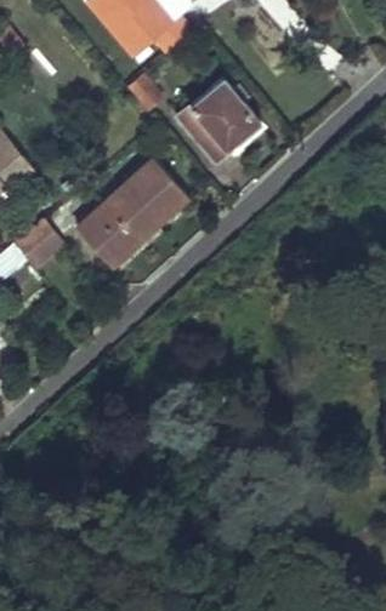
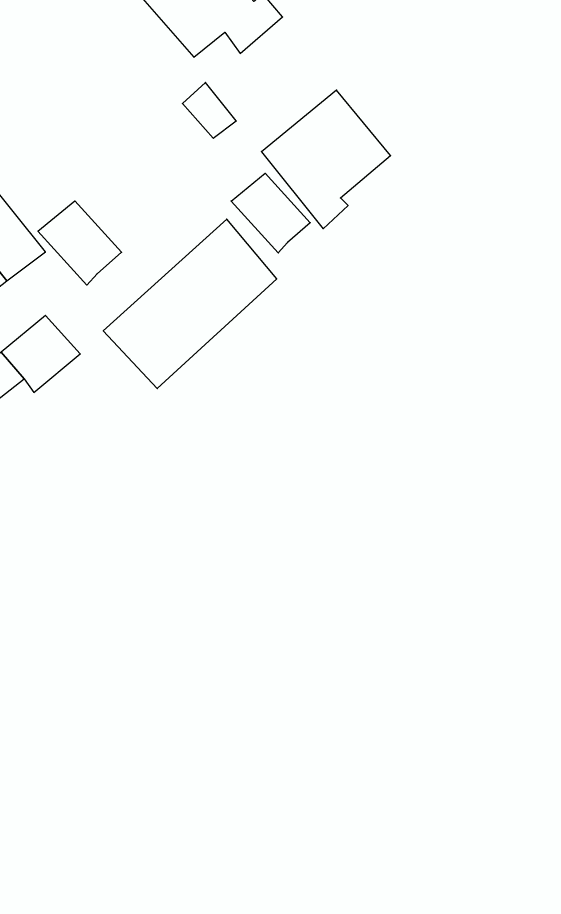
building: none -> [231,173,310,253]
building: none -> [38,201,122,285]

